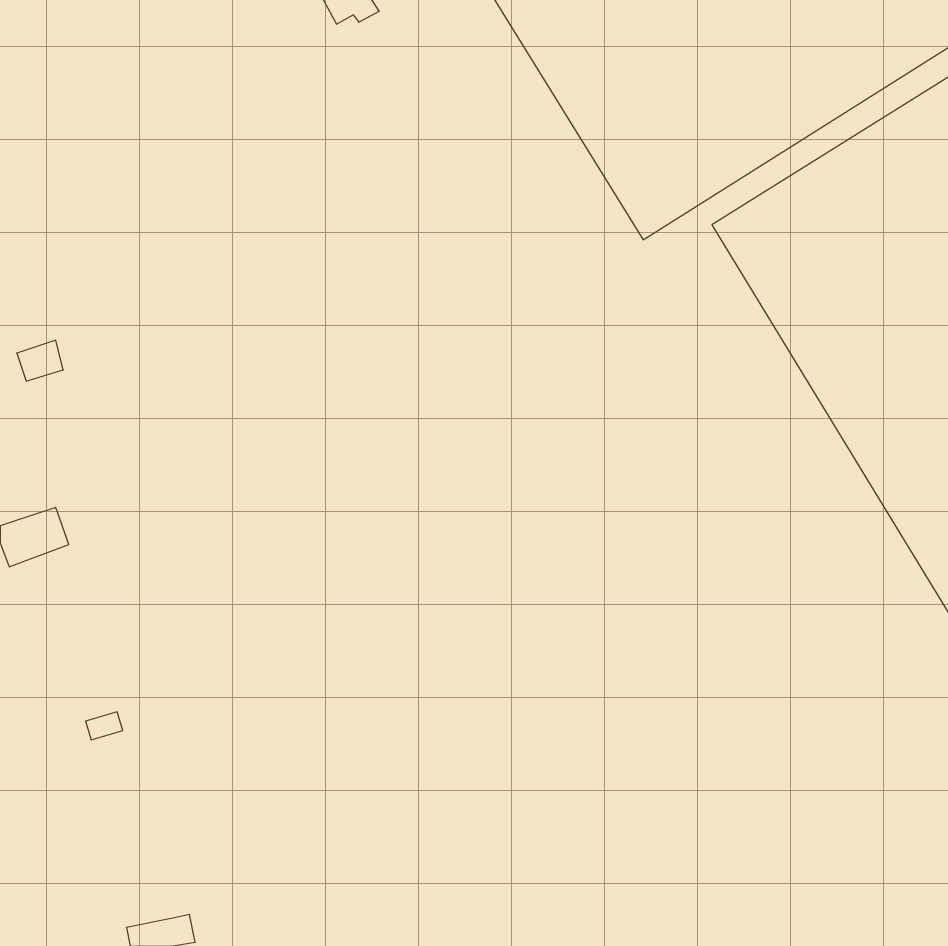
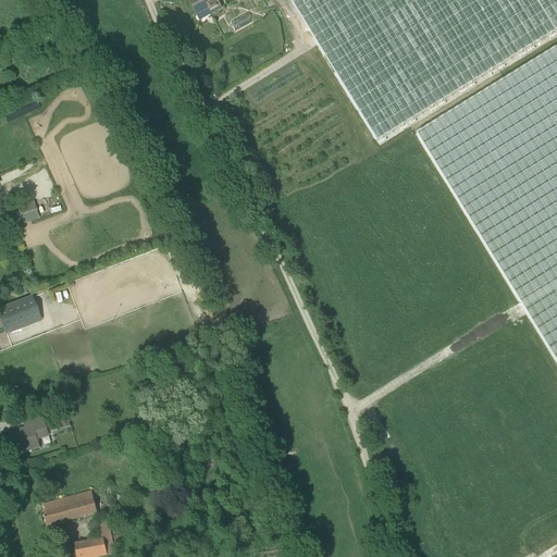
building: none -> [12,412,50,455]
building: none -> [44,490,98,525]

